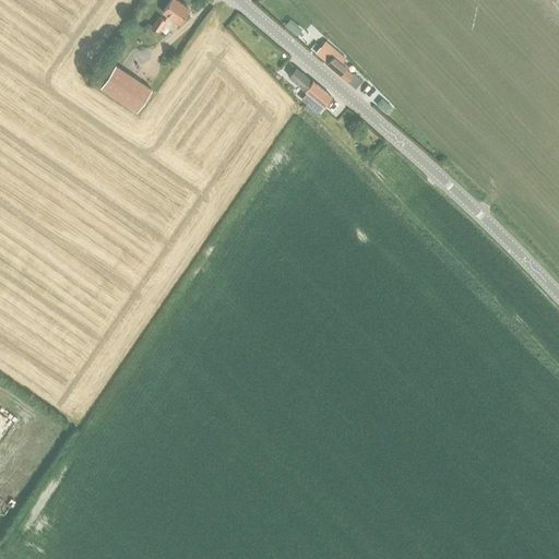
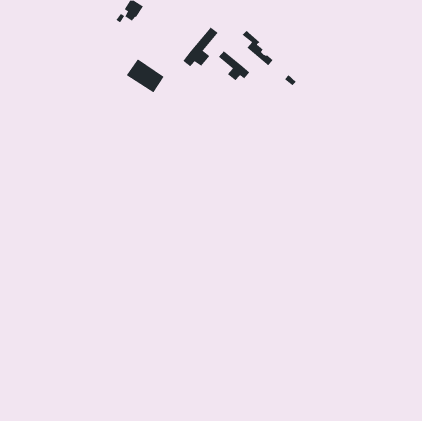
building: none -> [182,26,218,67]
building: [100,66,152,111] -> [126,59,165,93]

